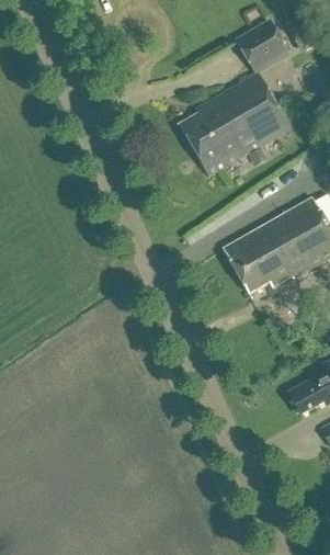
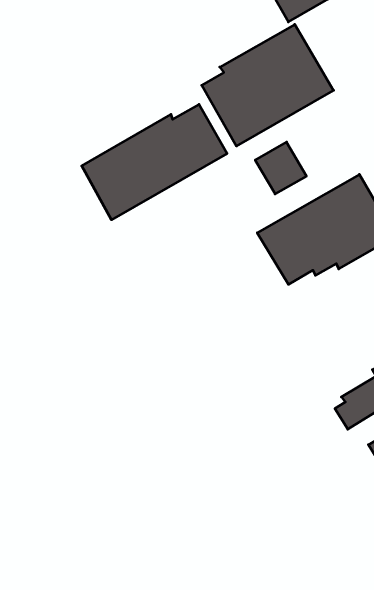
building: none -> [82,104,227,220]
building: none -> [255,142,306,194]

